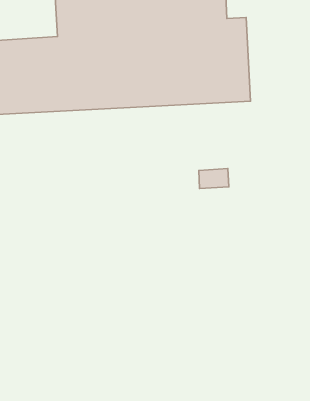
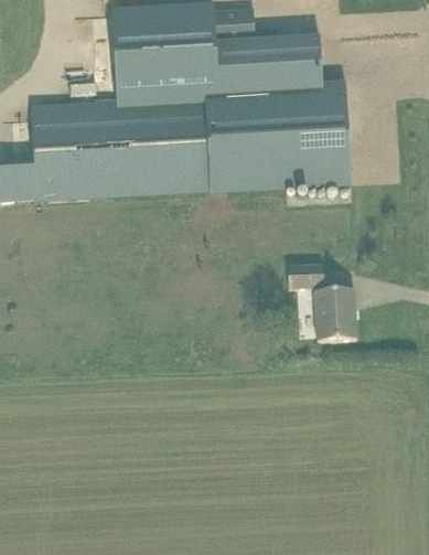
building: none -> [313,288,354,340]

